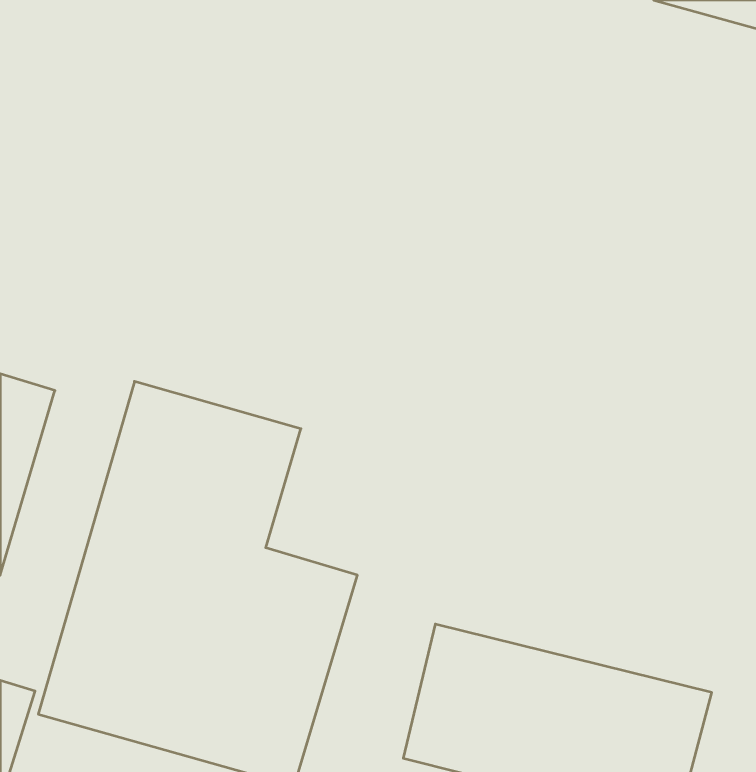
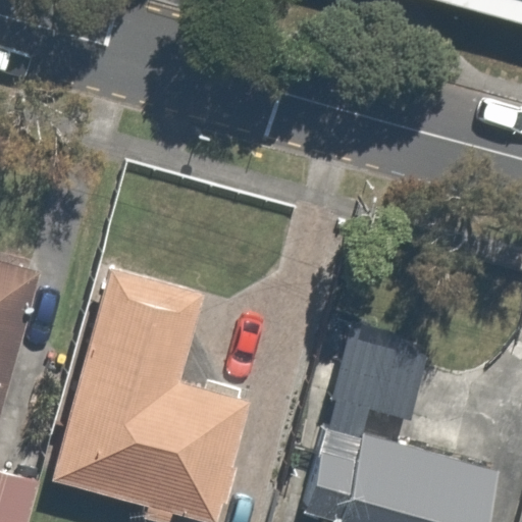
building: none -> [327,324,433,424]

